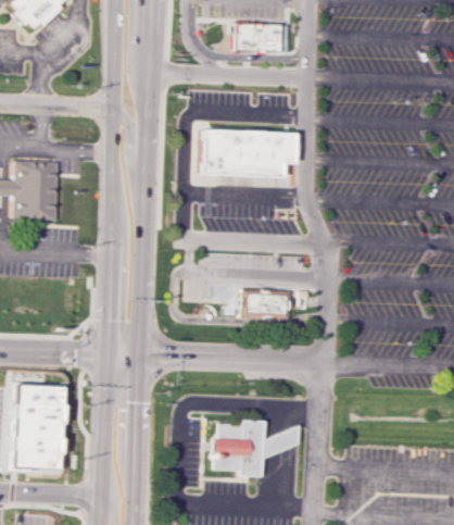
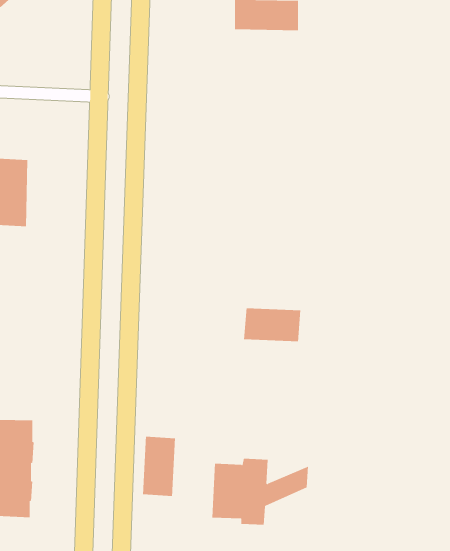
building: [202,129,295,177] -> none
building: none -> [142,436,176,497]

